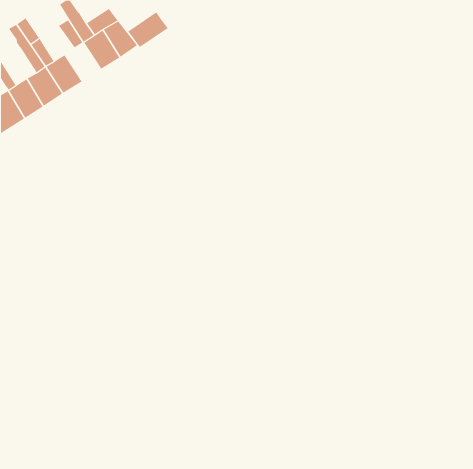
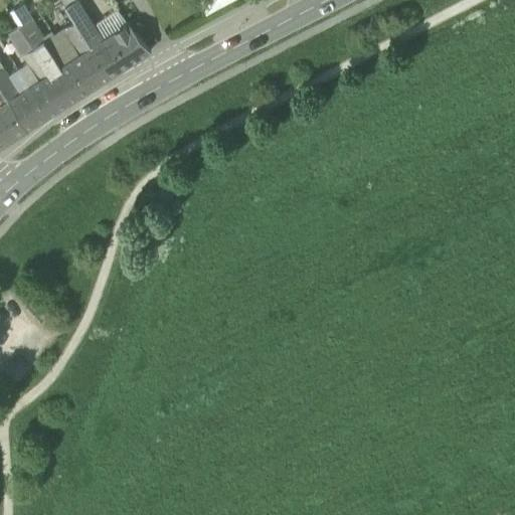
building: [128,12,169,48] -> none
building: none -> [70,50,110,93]

